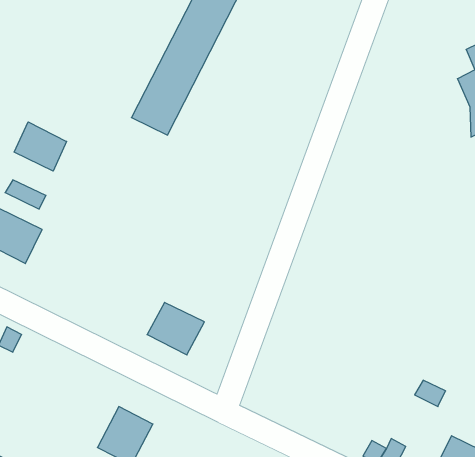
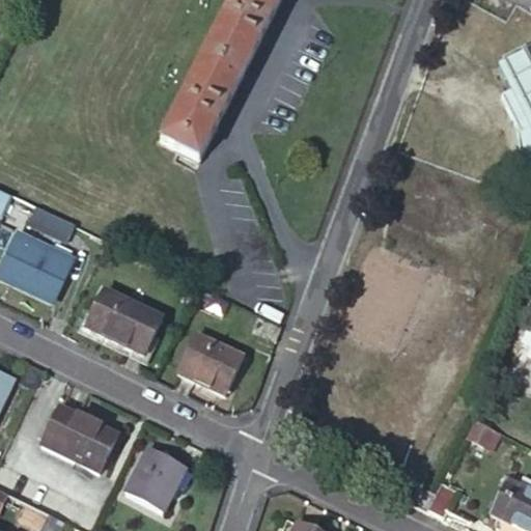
building: [14,122,67,171] -> none
building: none -> [85,288,158,352]
building: none -> [44,406,117,469]

